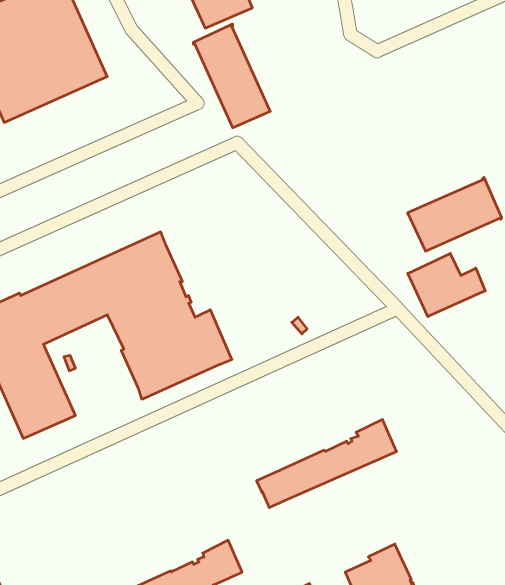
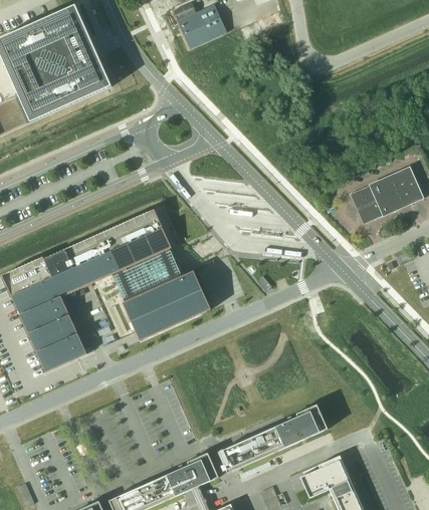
building: [193,24,270,128] -> none
building: [408,253,485,317] -> none
building: [257,420,397,508] -> [217,404,328,473]

